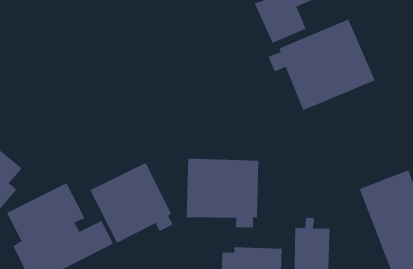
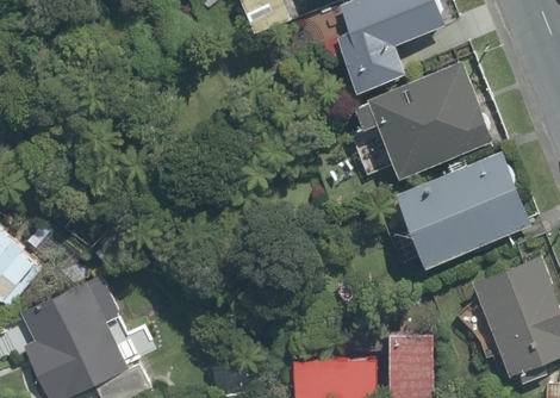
building: none -> [388,148,527,268]
building: [186,158,259,228] -> none
building: [90,162,174,244] -> none

